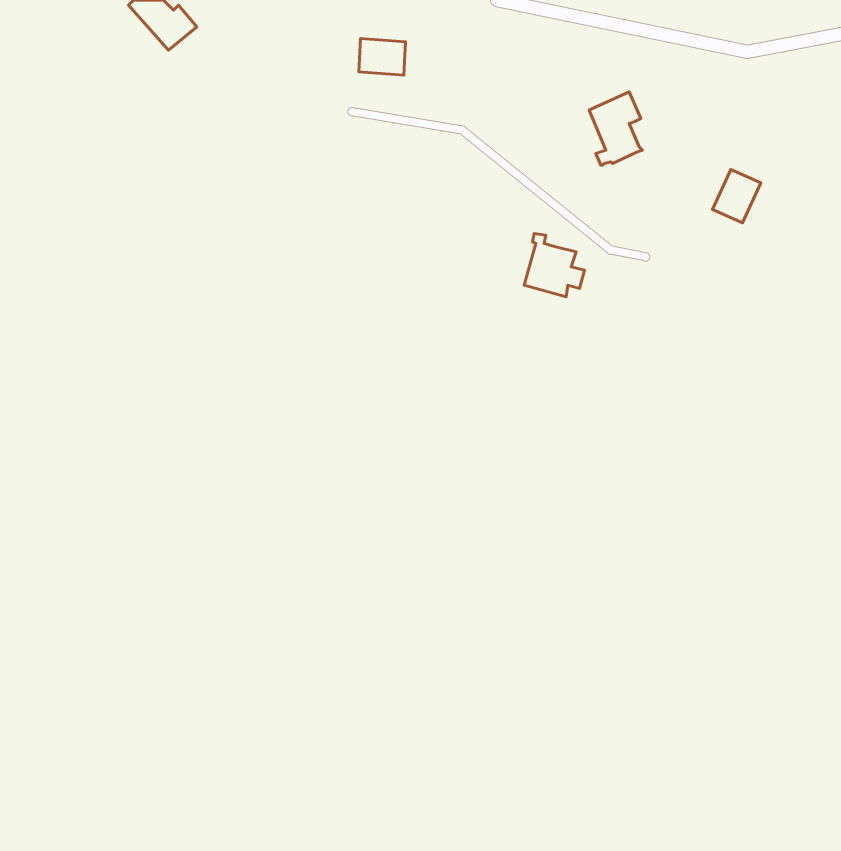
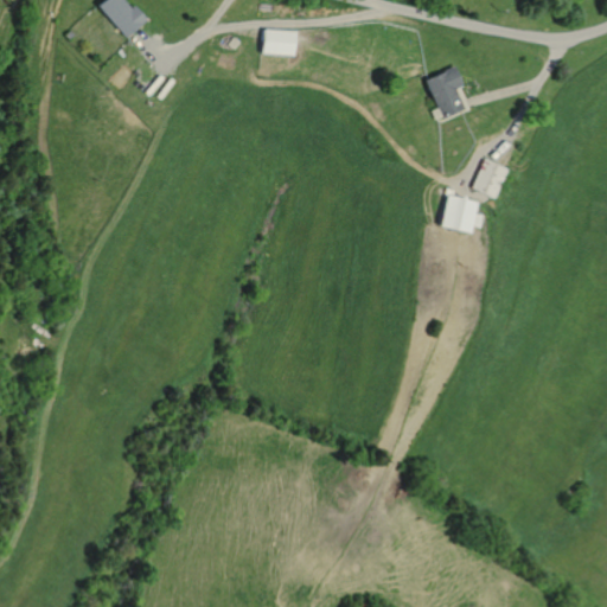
building: [713,169,761,223] -> [472,159,506,197]
building: [524,234,584,297] -> [440,189,483,234]

